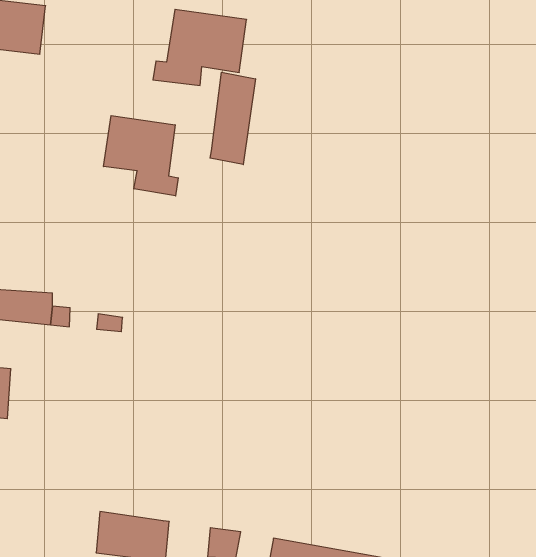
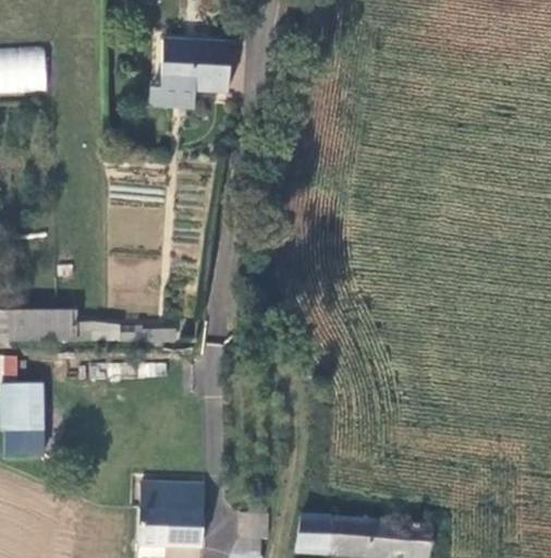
building: [210,72,255,165] -> none
building: [104,116,178,196] -> none
building: none -> [137,481,198,509]

